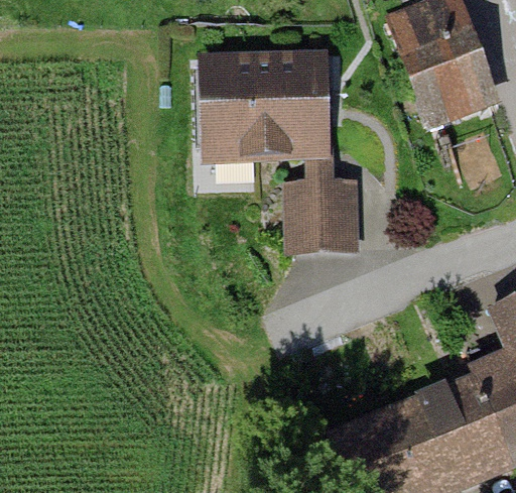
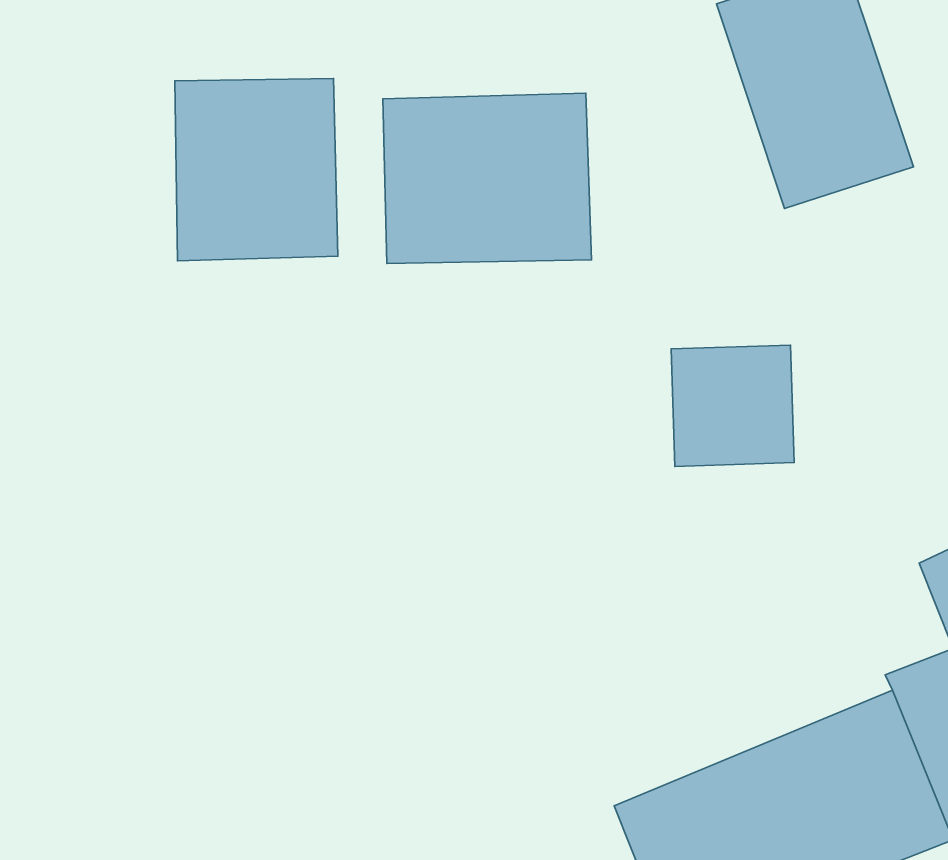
building: none -> [175,78,338,261]
building: [290,182,356,247] -> [671,345,794,466]

